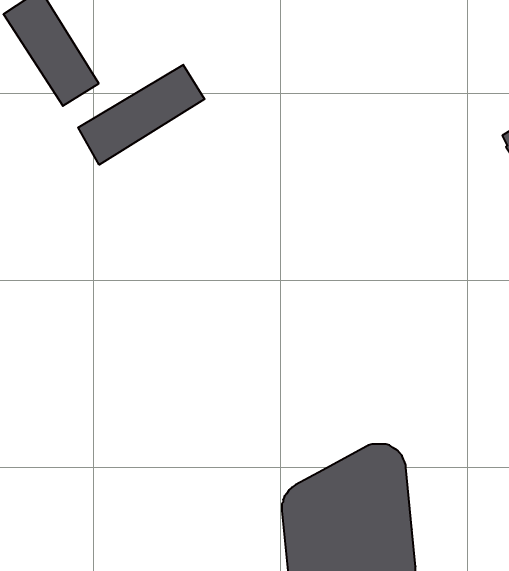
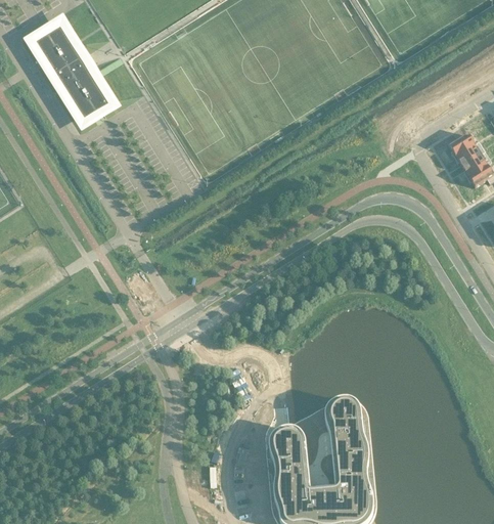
building: [78,65,205,165] -> none

